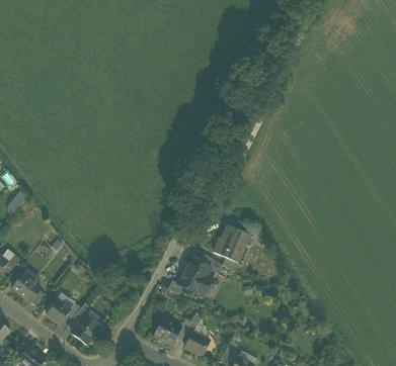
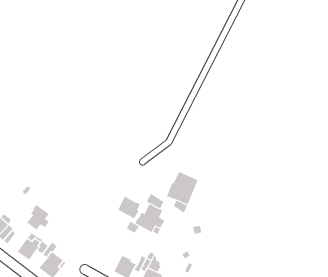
building: none -> [117,195,143,219]
building: none -> [24,204,50,231]

